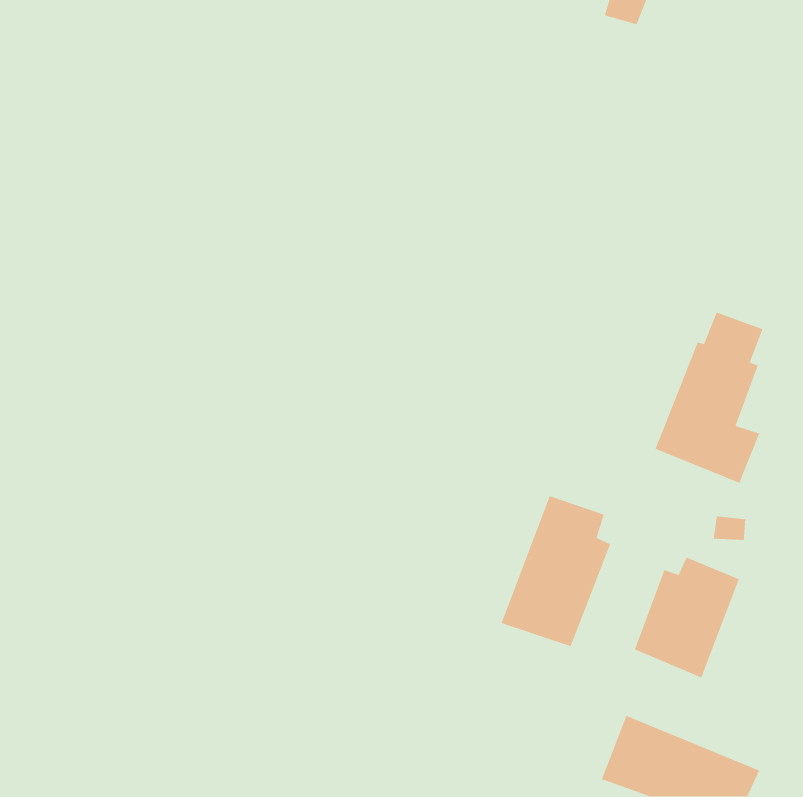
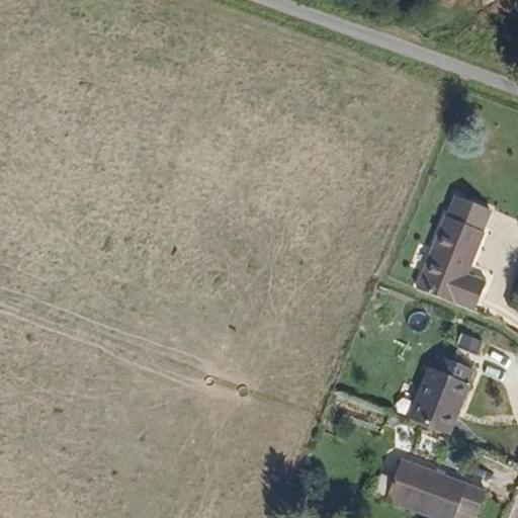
building: [500,495,611,647] -> none

